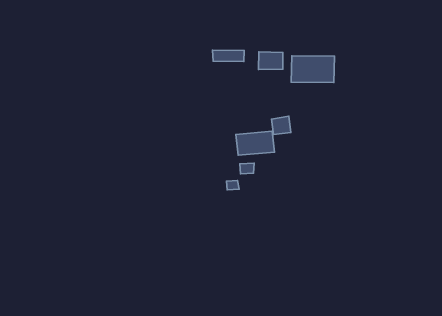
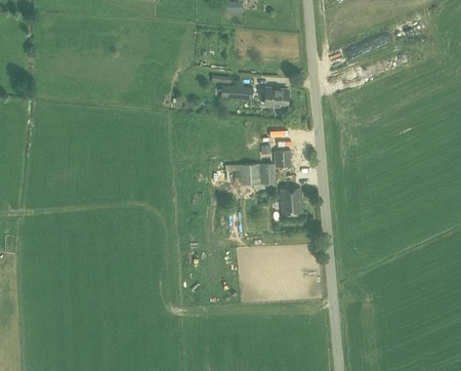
building: [291,56,335,82] -> none
building: none -> [280,188,303,215]

